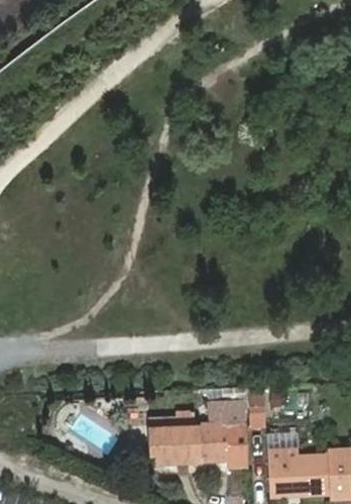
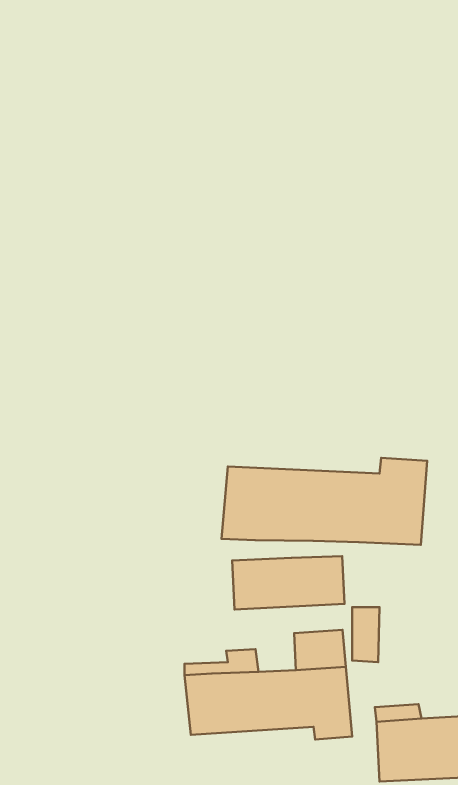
building: none -> [221,458,427,545]
building: none -> [232,556,345,610]

